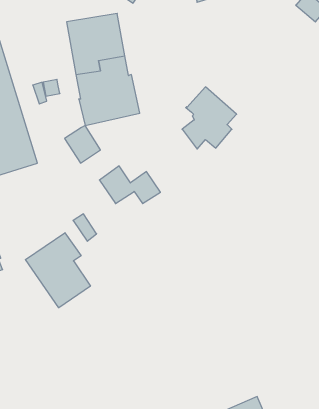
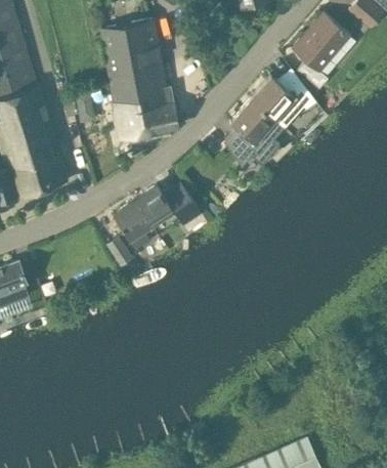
building: none -> [292,12,351,89]
building: none -> [251,75,315,129]
building: [65,125,100,163] -> [113,201,152,242]
building: [25,233,90,308] -> none

